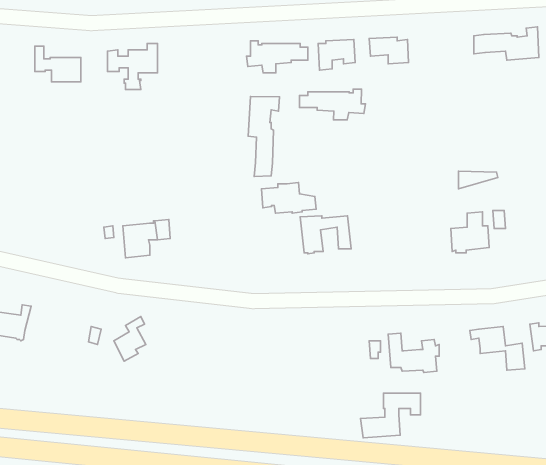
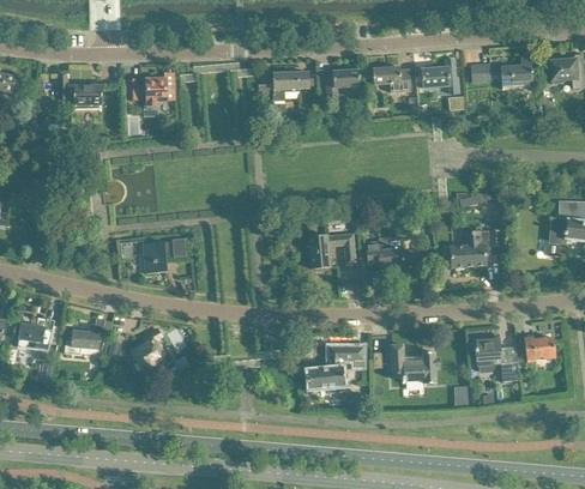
building: none -> [422,59,459,93]
building: [299,89,365,120] -> none
building: [248,97,280,177] -> none
building: [261,182,316,213] -> [366,237,417,266]
building: none -> [64,316,105,354]
building: [361,393,421,438] -> [307,345,363,387]

